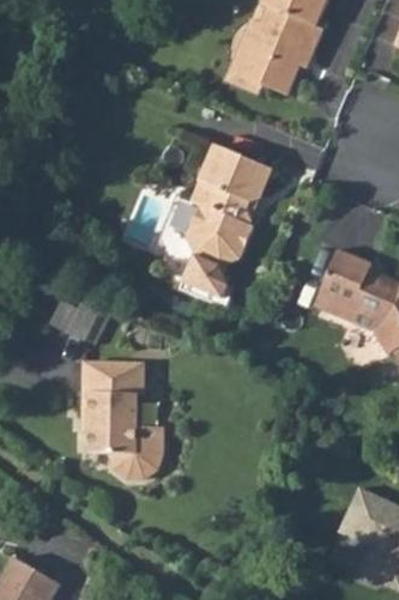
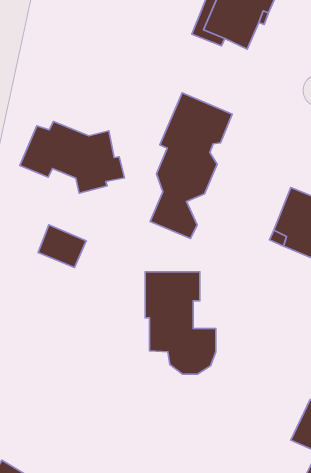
building: none -> [20,121,125,193]
building: [79,354,158,469] -> [145,272,216,374]

